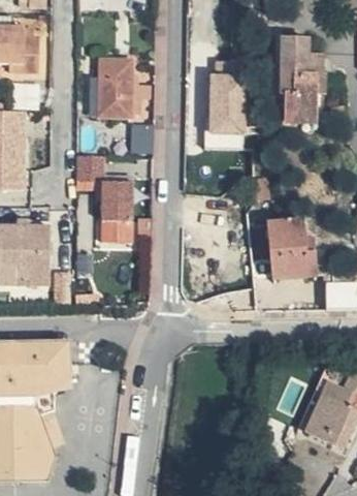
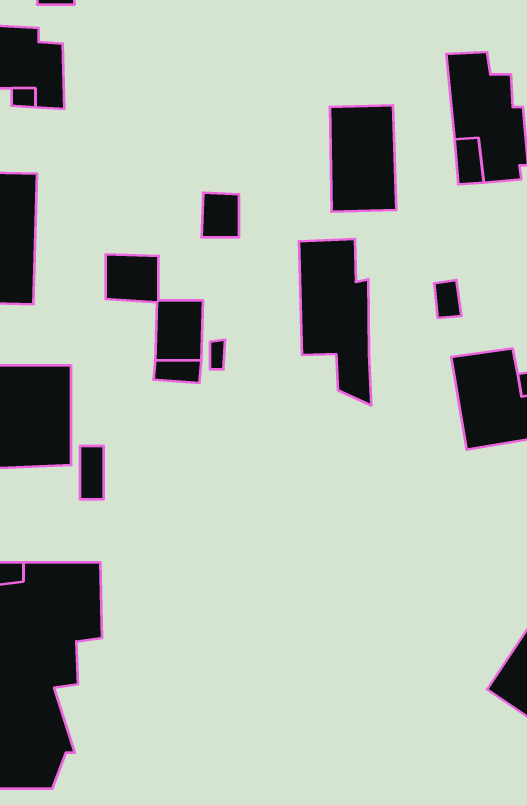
building: [95,57,130,115] -> none
building: none -> [299,239,371,405]

